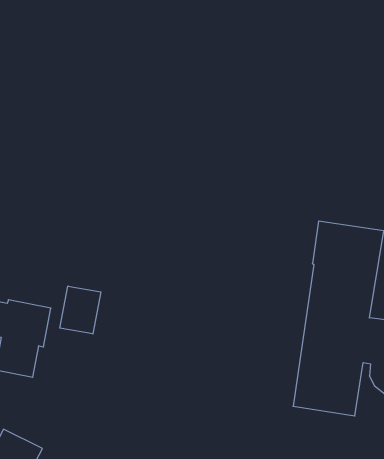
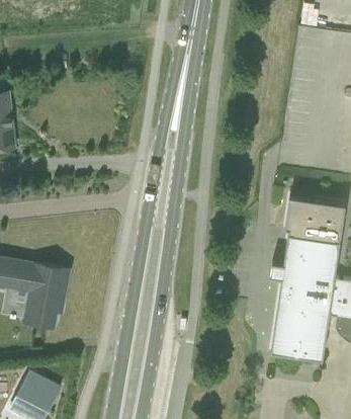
building: [60,286,101,334] -> none

